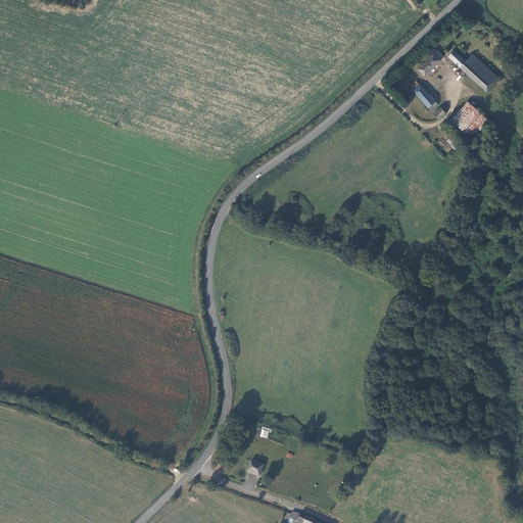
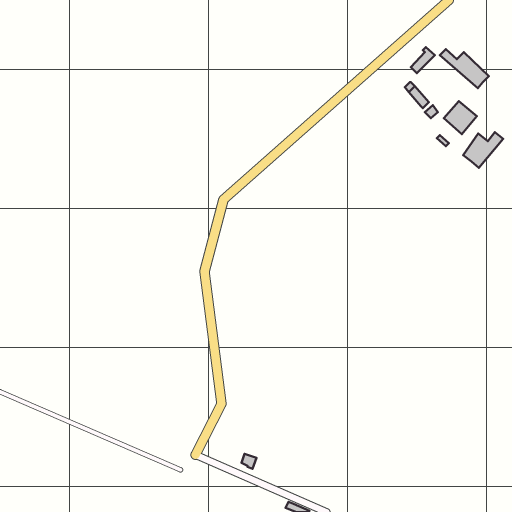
building: none -> [463,132,503,168]

